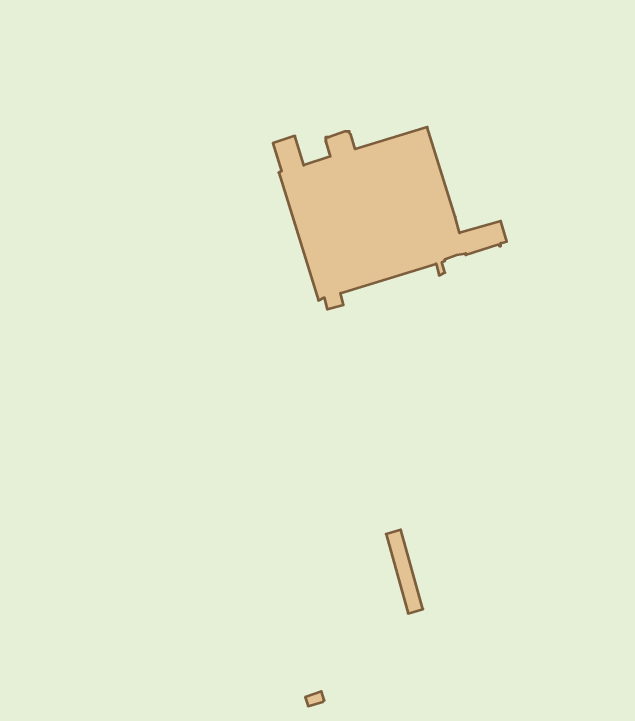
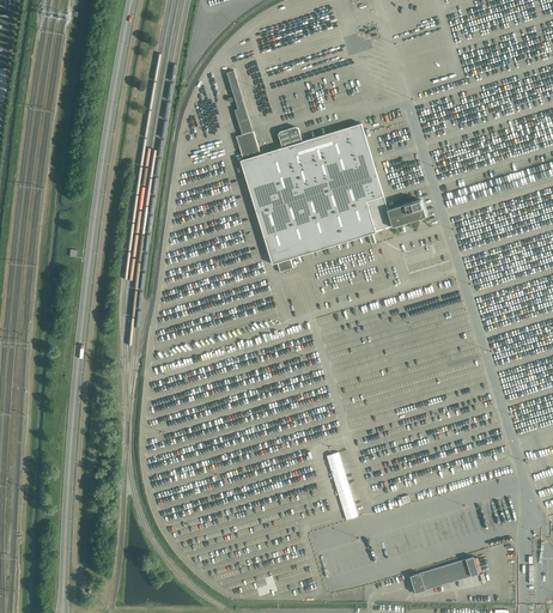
building: none -> [408,557,476,593]

